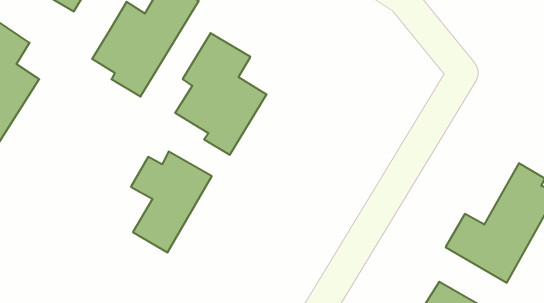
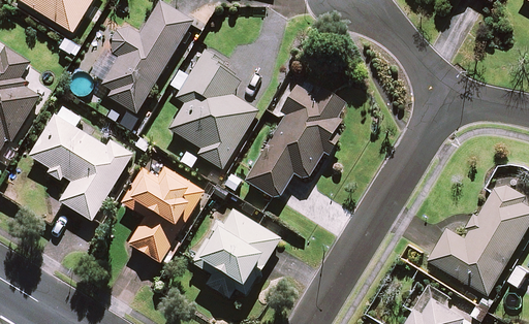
building: none -> [244,87,344,200]
building: none -> [29,107,131,222]
building: none -> [198,212,278,299]

